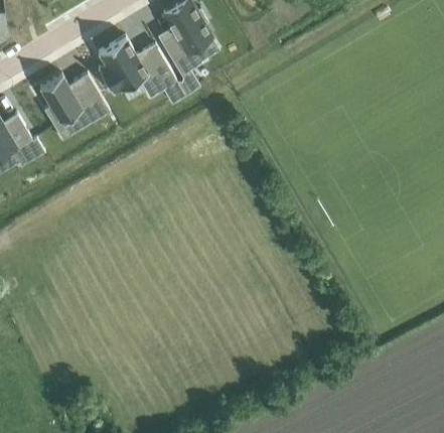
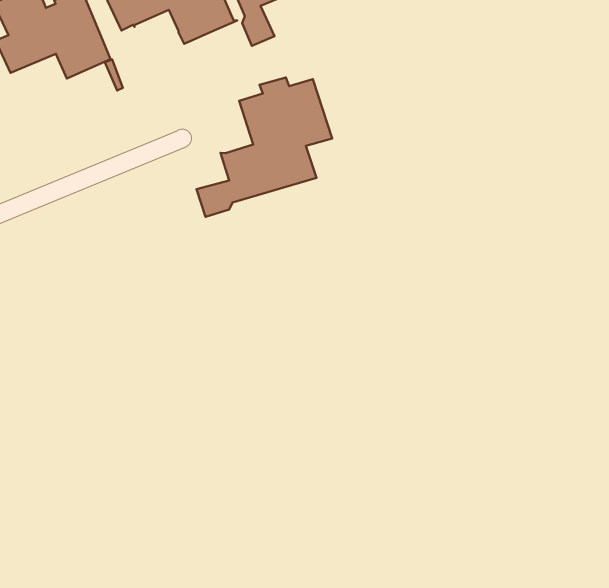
building: none -> [197,78,332,217]

